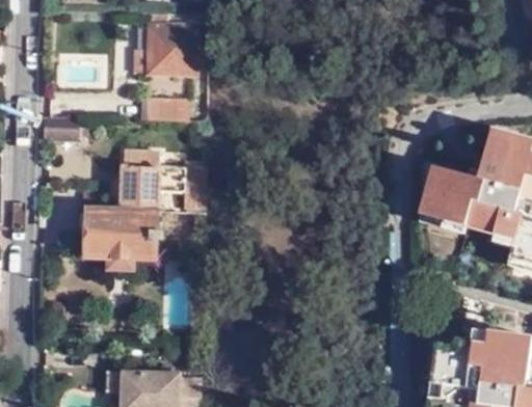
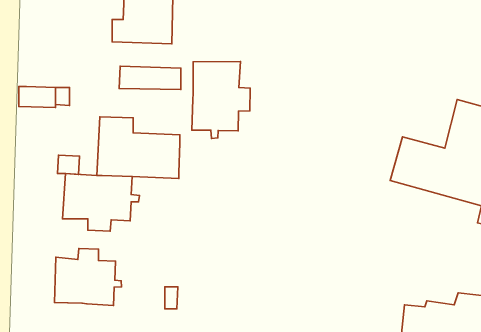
building: none -> [192,62,250,138]
building: none -> [54,248,121,305]

